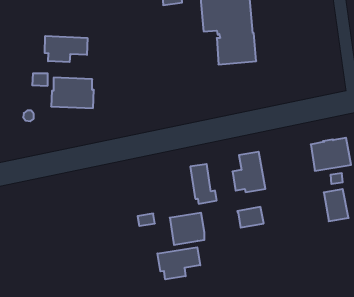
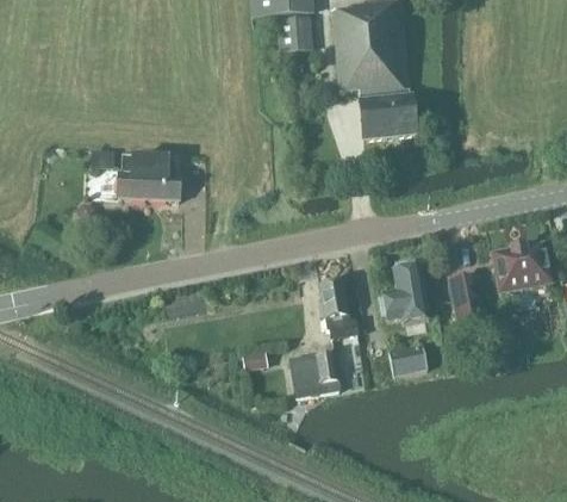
building: [45,36,87,62] -> none
building: [324,189,349,221] -> [449,274,485,321]
building: [157,247,200,279] -> none

